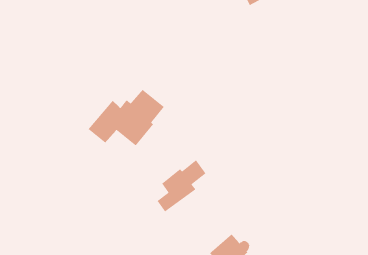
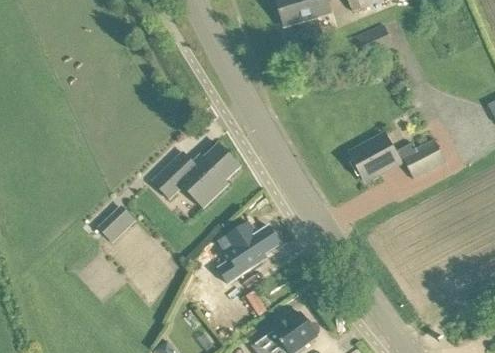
building: none -> [349,133,444,180]
building: none -> [98,207,134,243]

